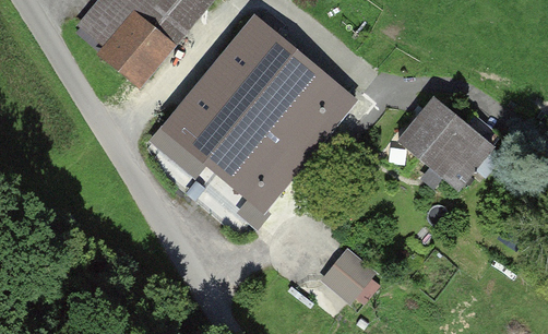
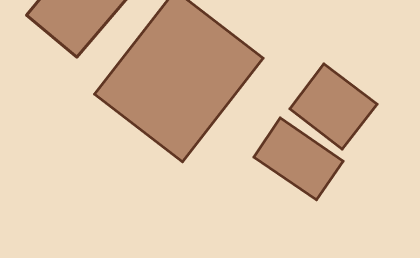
building: none -> [254,118,343,200]
building: [327,254,380,307] -> none

